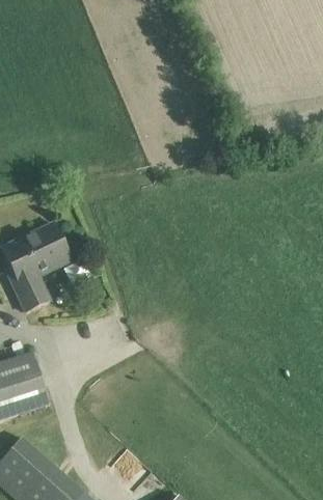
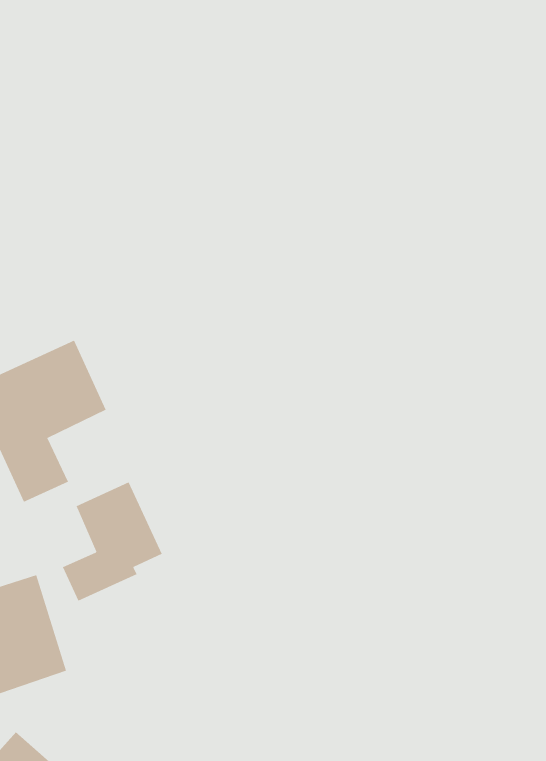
building: none -> [62,481,162,602]

